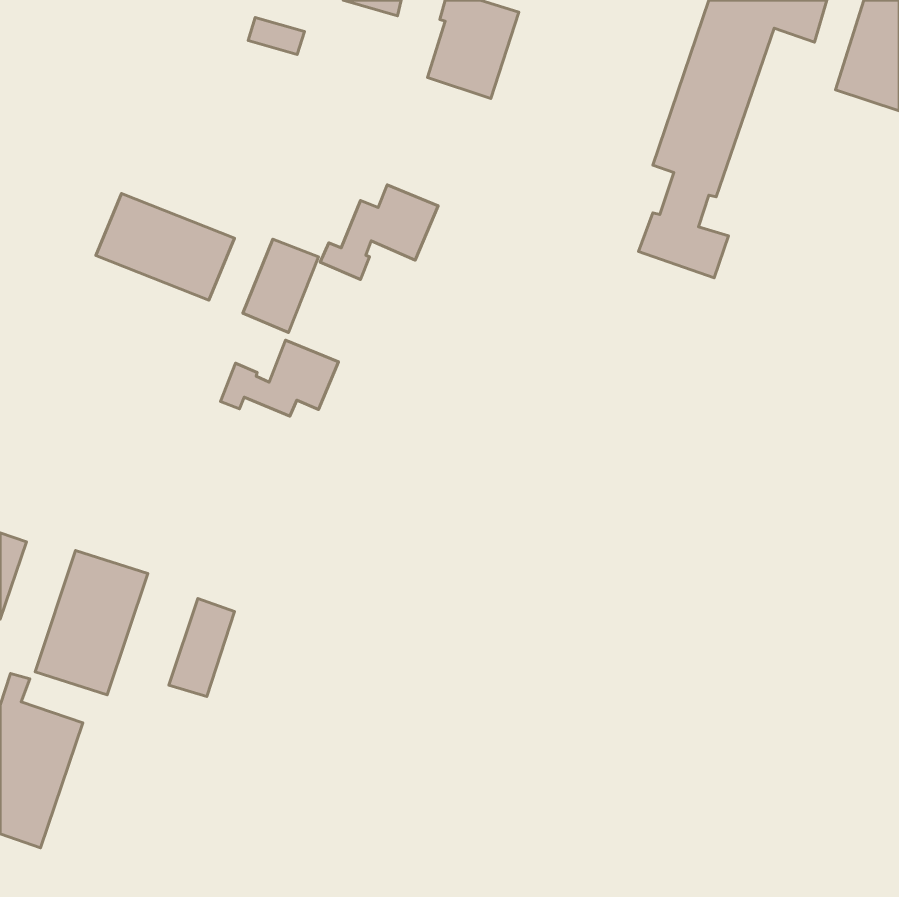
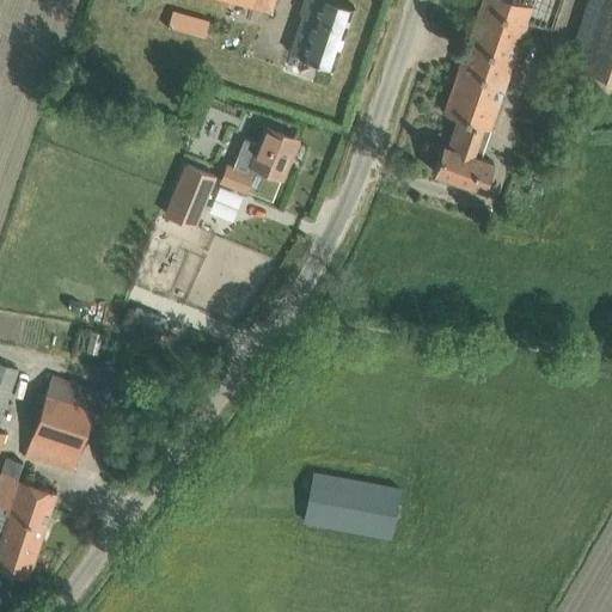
building: [96,194,234,300] -> none
building: [220,340,338,416] -> none
building: [169,599,235,696] -> none
building: none -> [304,473,397,538]

